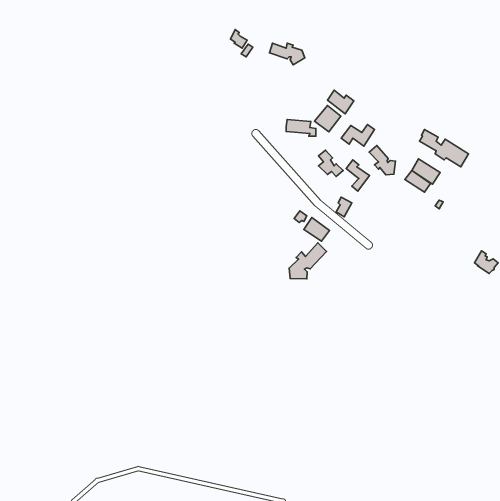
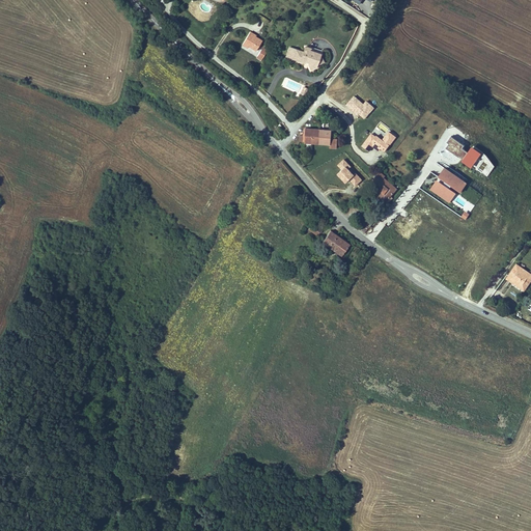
building: [315,105,341,132] -> none
building: [369,146,396,175] -> none
building: [289,243,326,279] -> none

